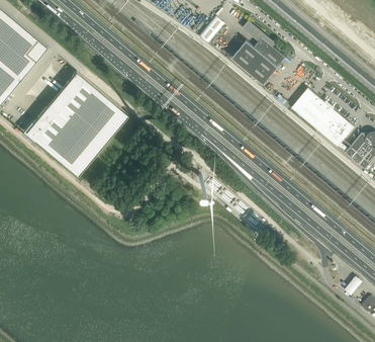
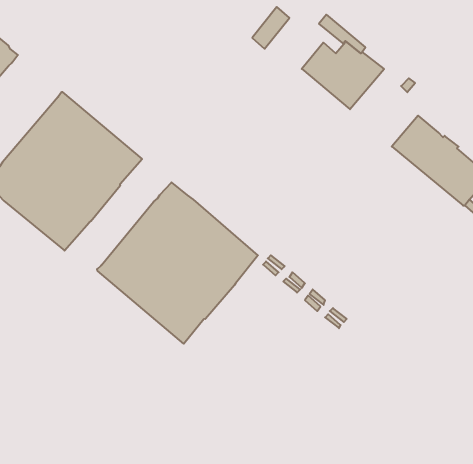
building: none -> [97,182,258,344]

